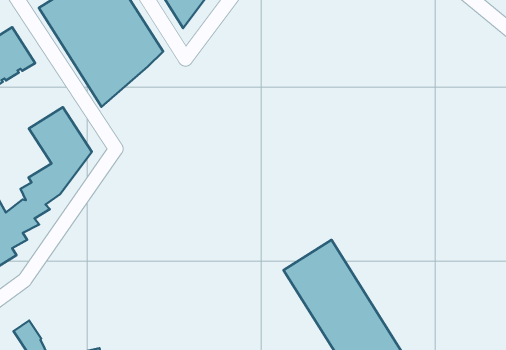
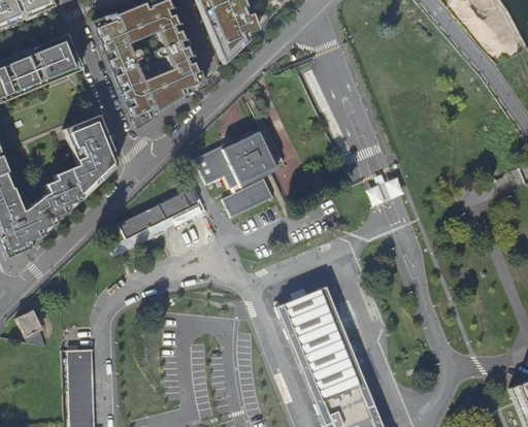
building: none -> [195,126,285,187]
building: none -> [225,176,275,216]
building: none -> [120,187,198,237]

